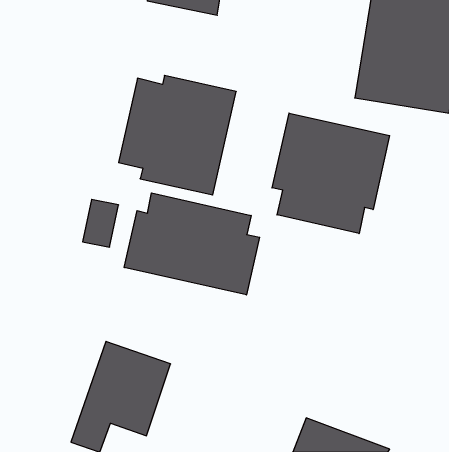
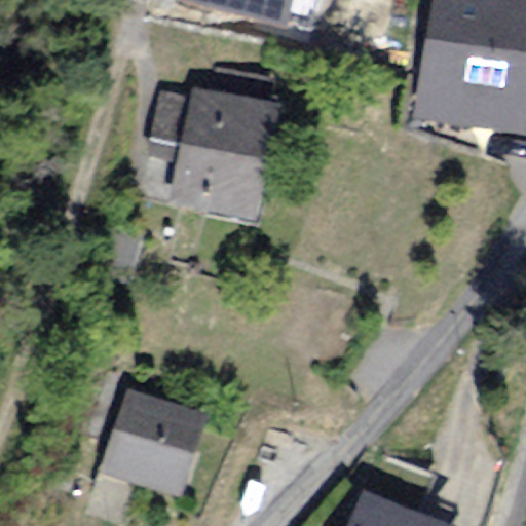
building: [272,113,390,234] -> none
building: [124,193,260,295] -> none

